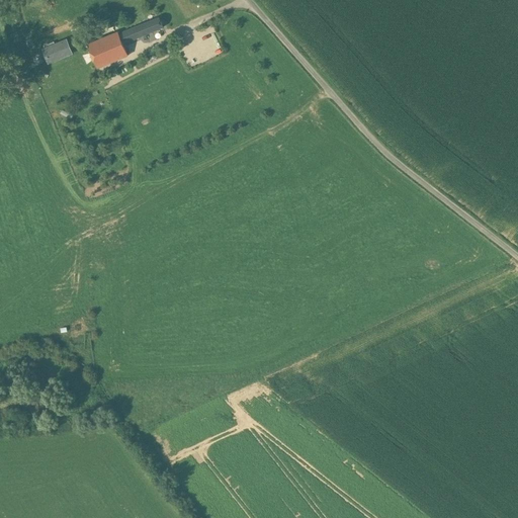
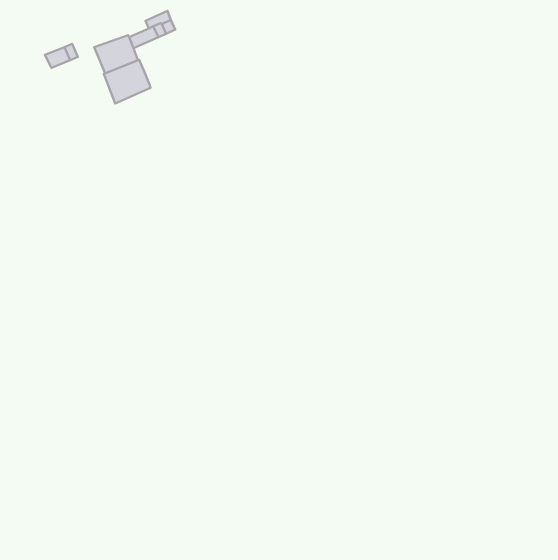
building: none -> [104,60,151,104]

